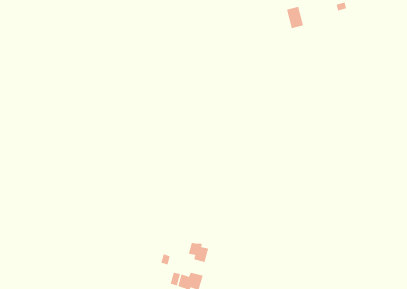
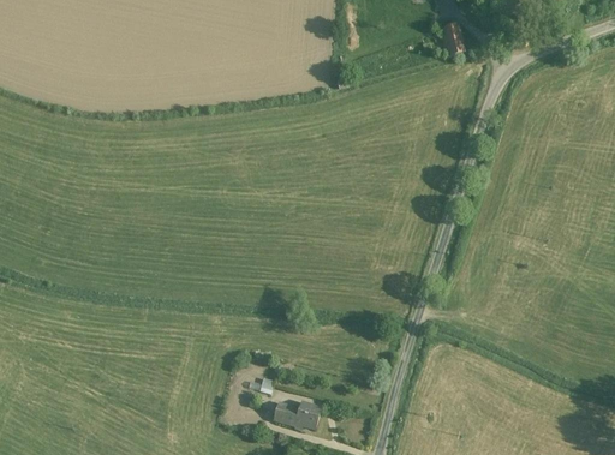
building: [188,242,209,263] -> none

